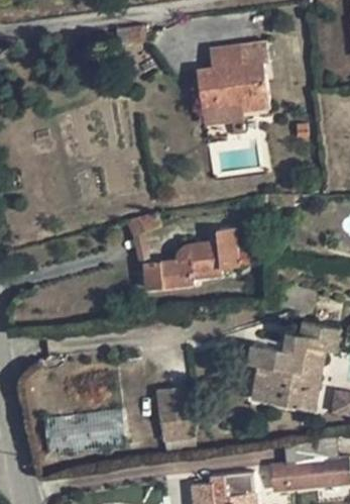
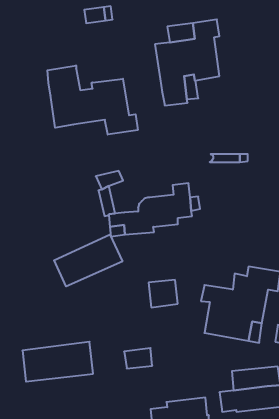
building: none -> [47,65,138,135]
building: none -> [54,235,122,286]
building: [157,390,191,421] -> [149,280,178,307]

